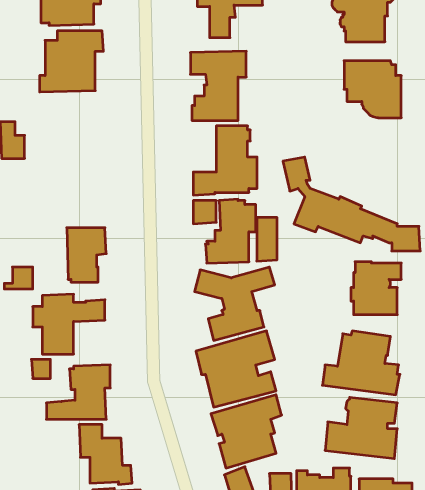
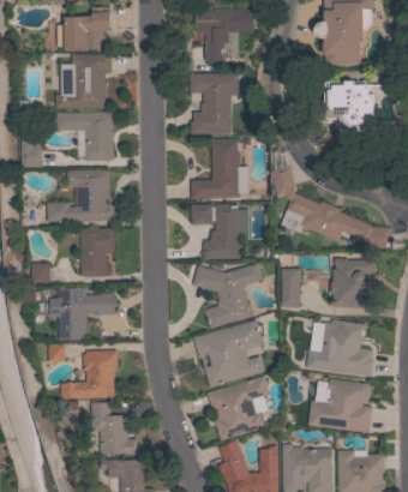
building: none -> [58,112,114,160]
building: none -> [48,169,115,221]
building: [257,218,277,261] -> [282,269,300,307]

